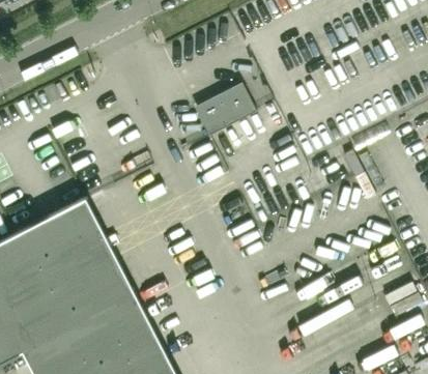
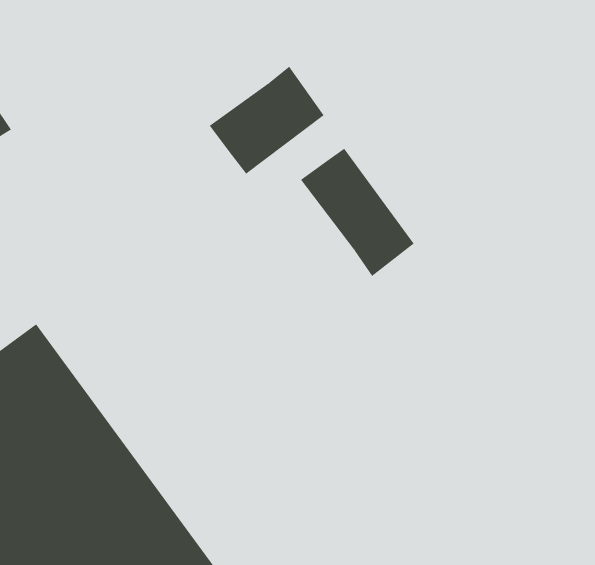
building: none -> [300,148,414,277]

